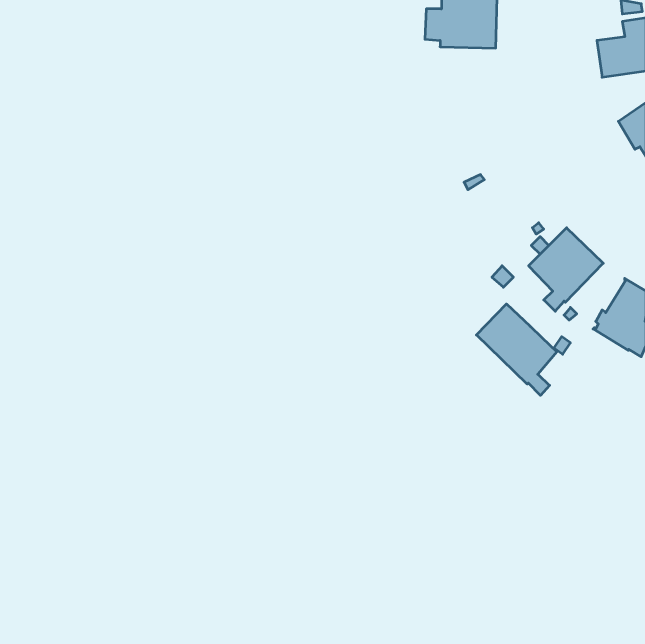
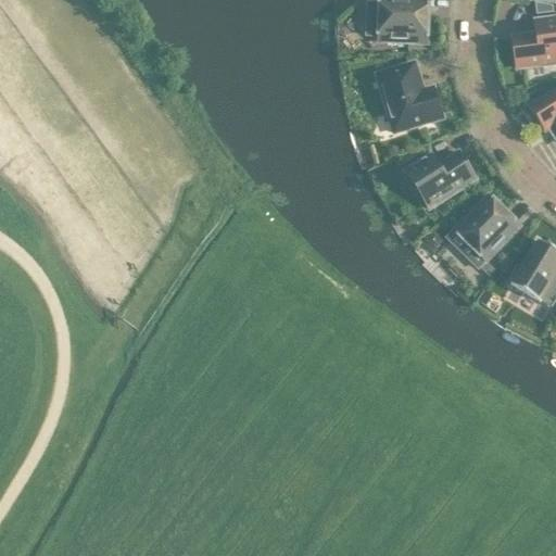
building: none -> [377,62,442,131]
building: none -> [406,151,476,206]
building: [476,304,557,395] -> none

